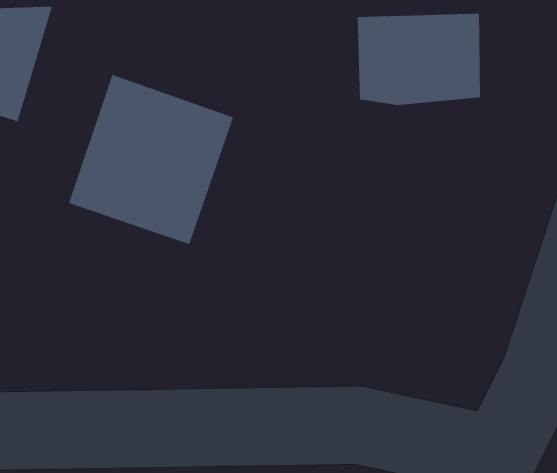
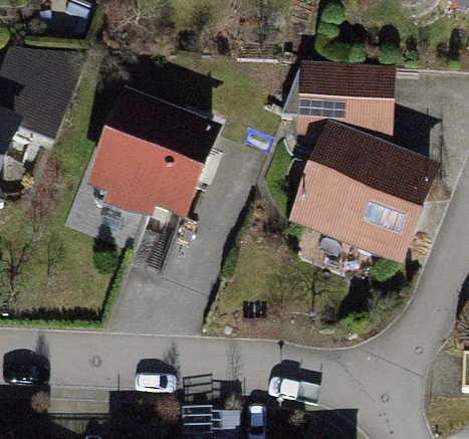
building: none -> [294,134,432,263]

